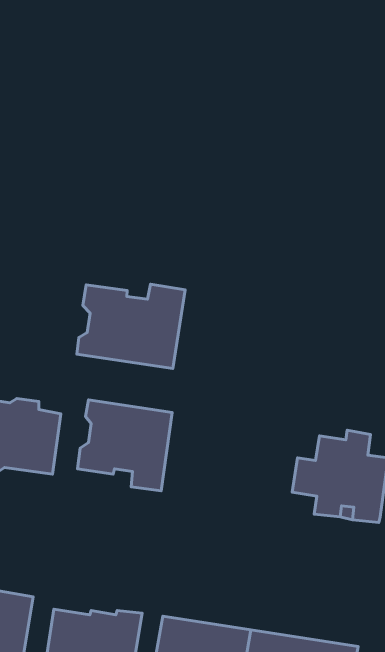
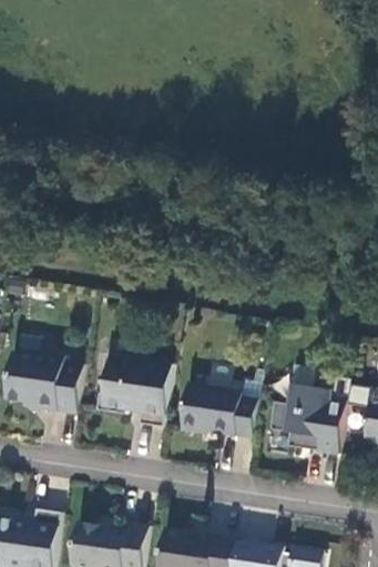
building: [77,284,185,368] -> none
building: none -> [177,385,255,442]

